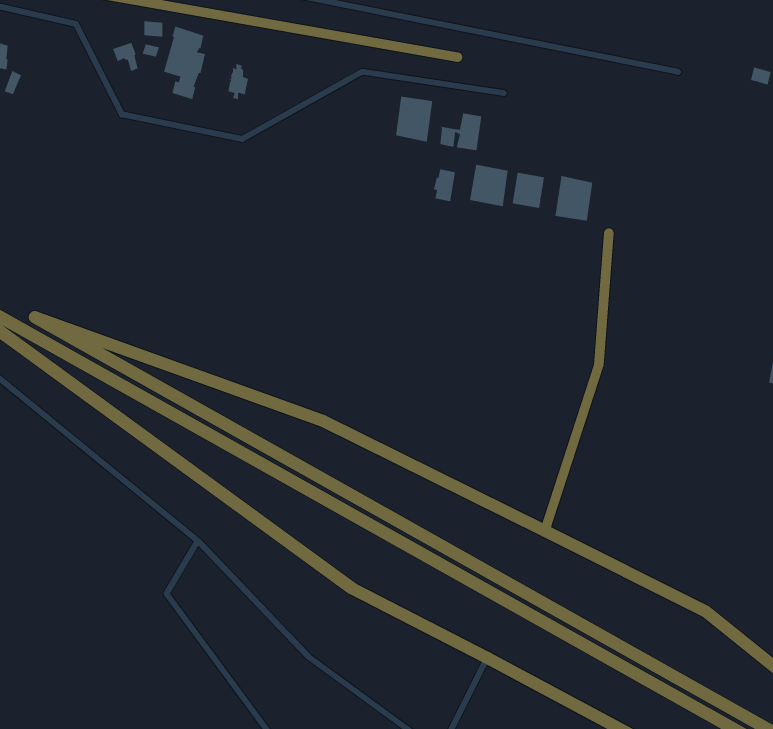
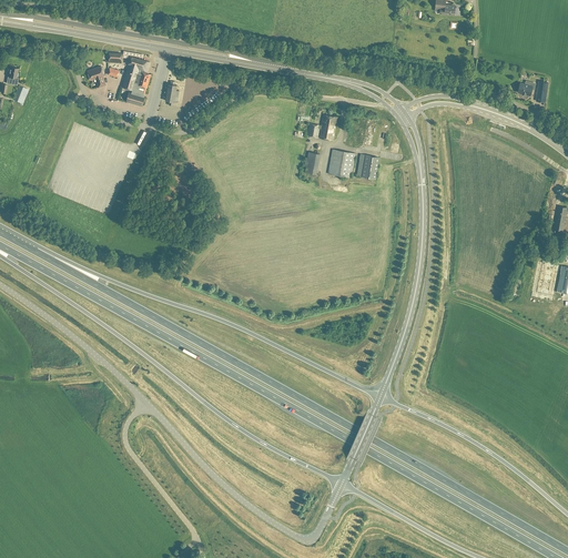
building: [396,96,433,142] -> none
building: [555,175,593,222] -> none

